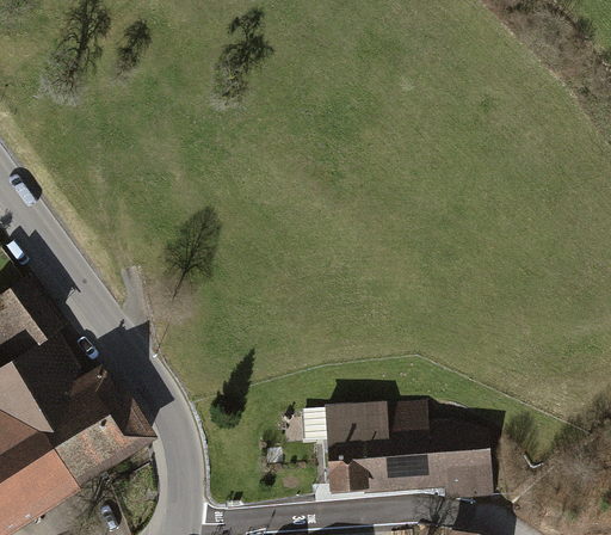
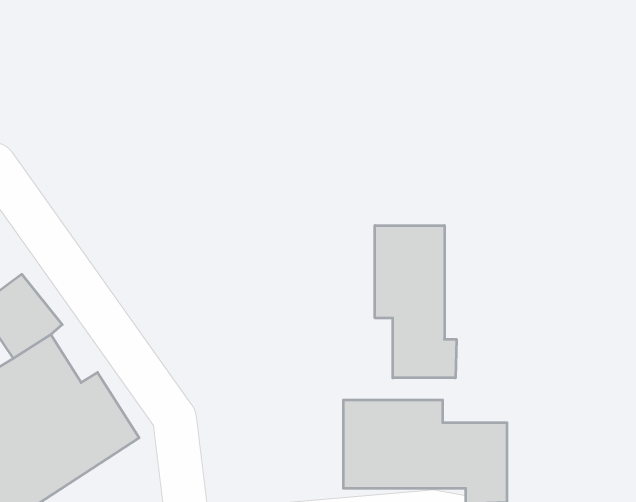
building: none -> [375,225,456,378]

